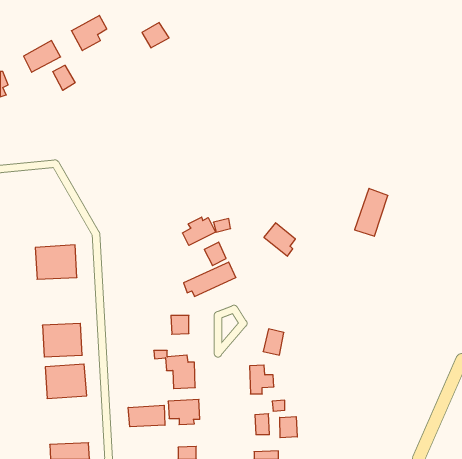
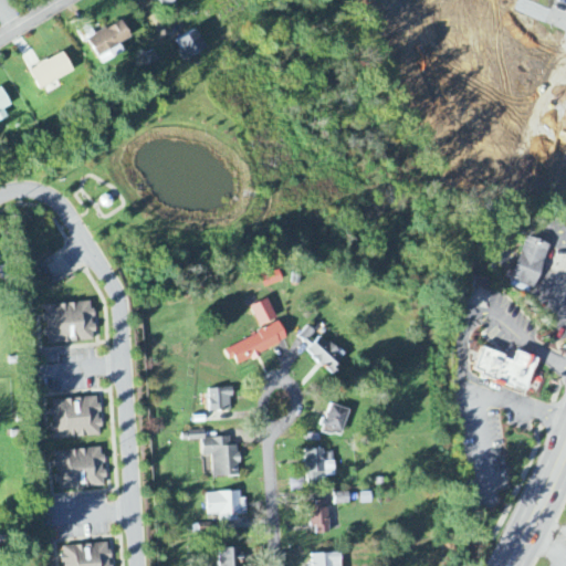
building: [53,65,75,90] -> none
building: [355,188,388,236] -> [509,234,549,293]
building: [182,217,216,245] -> none
building: [264,223,295,256] -> [305,333,344,374]
building: none -> [482,349,548,394]
building: [128,405,165,427] -> none
building: [280,417,297,438] -> none

